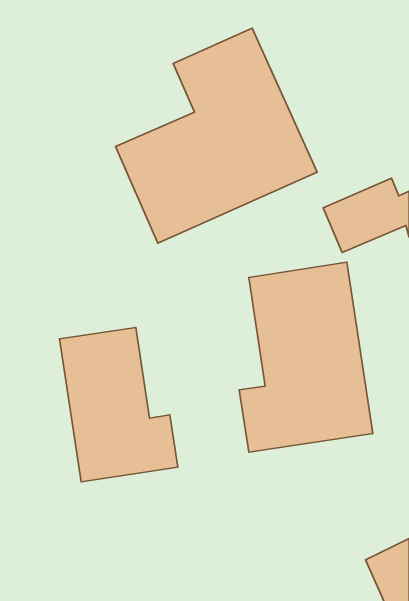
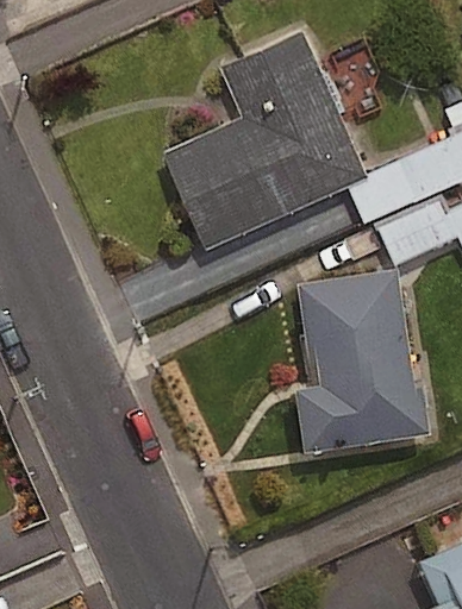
building: [59,327,178,482] -> none

